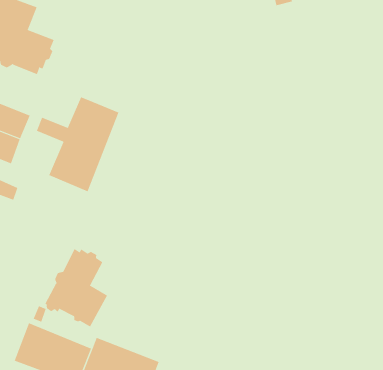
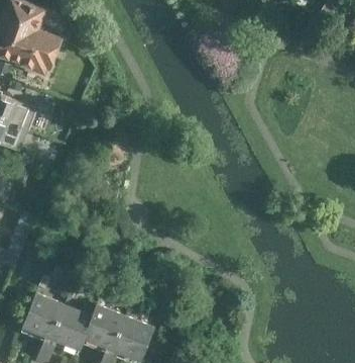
building: [36,97,119,192] -> none
building: [44,248,108,327] -> none

